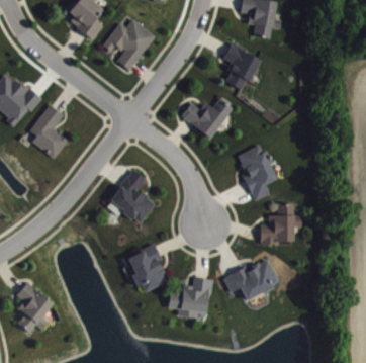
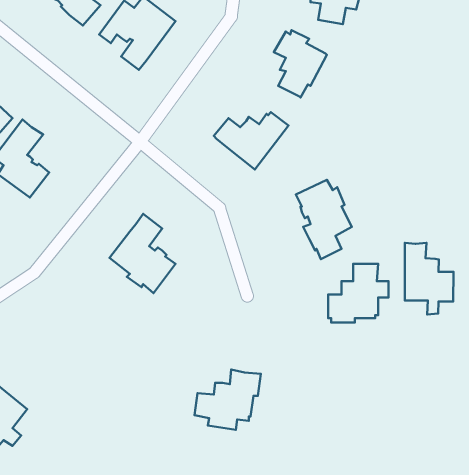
building: none -> [405,243,453,314]
building: [126,243,166,292] -> none
building: [222,259,277,300] -> none

